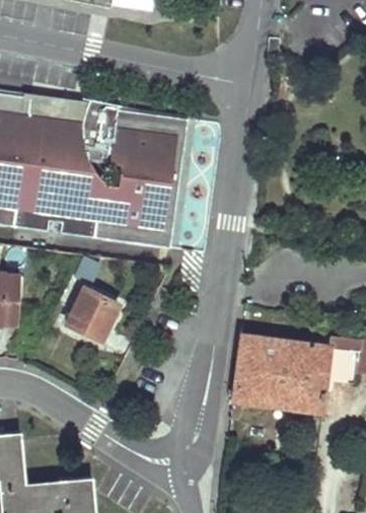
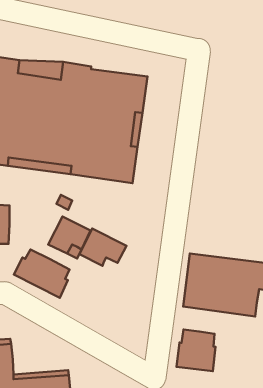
building: none -> [80,229,127,266]
building: none -> [14,250,69,298]
building: none -> [176,330,215,371]

